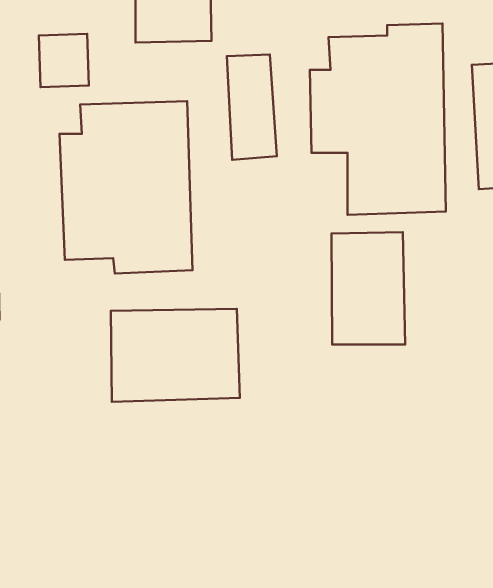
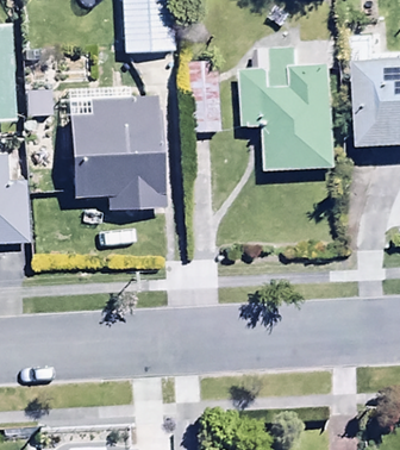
building: [332,232,405,345] -> none
building: [111,309,240,402] -> none

